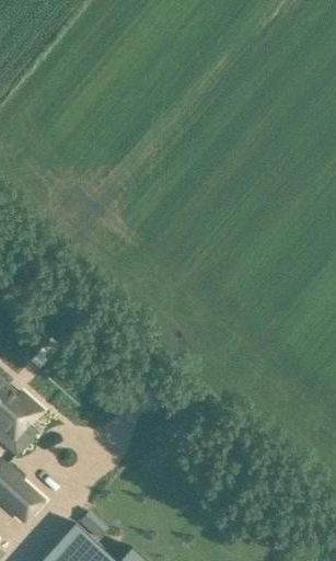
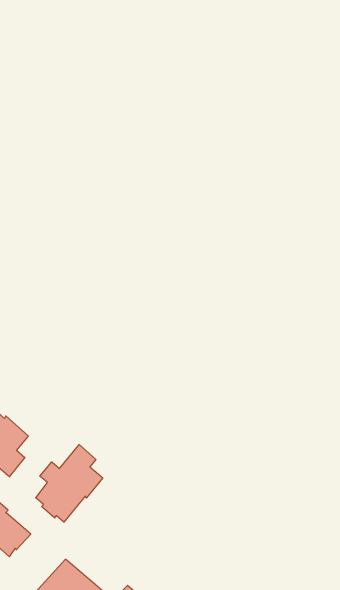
building: none -> [36,445,103,522]

